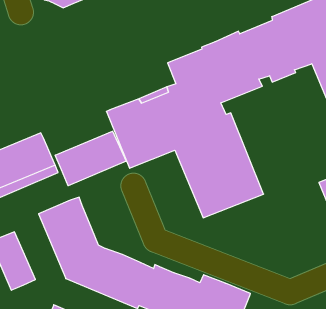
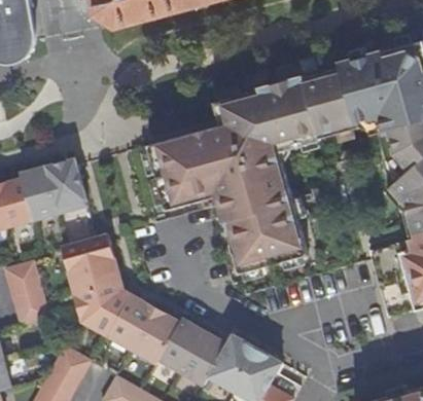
building: [55,131,126,186] -> none

